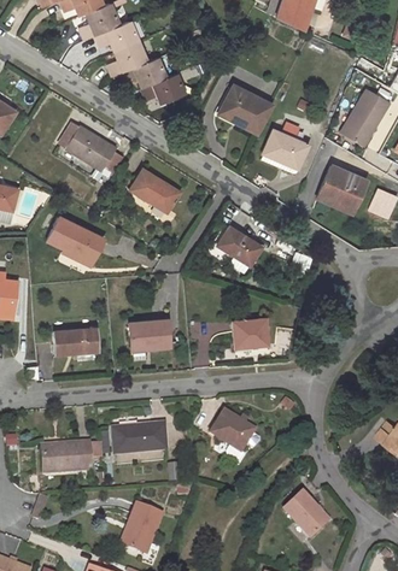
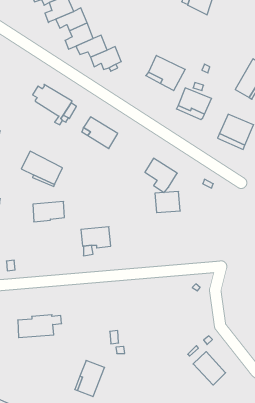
building: [233,318,268,347] -> [155,192,180,213]
building: [54,326,98,354] -> [33,202,64,222]
building: [210,410,259,460] -> none
building: [112,422,166,453] -> none

